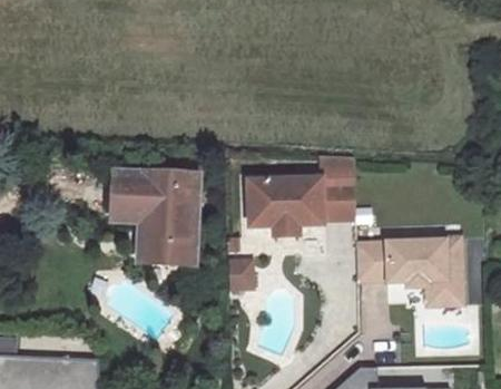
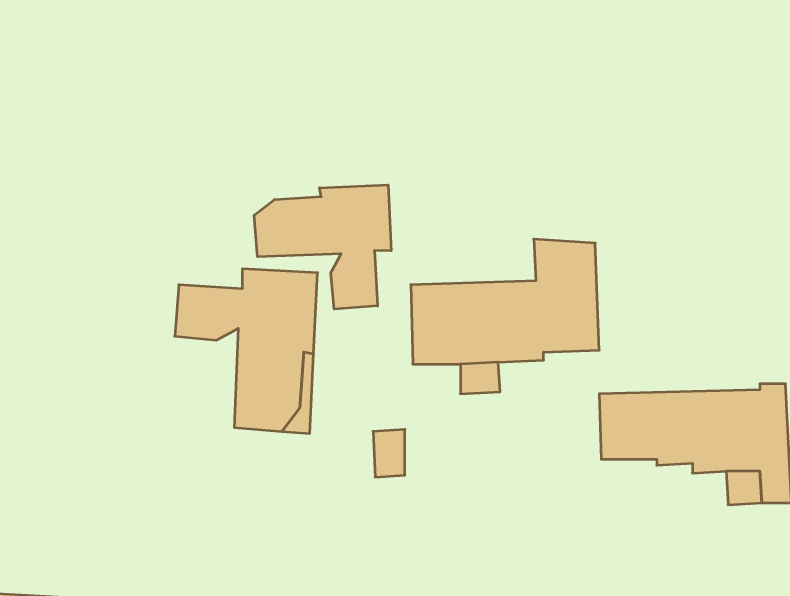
building: none -> [254,185,391,309]

